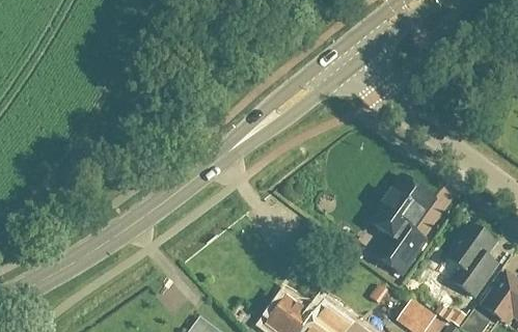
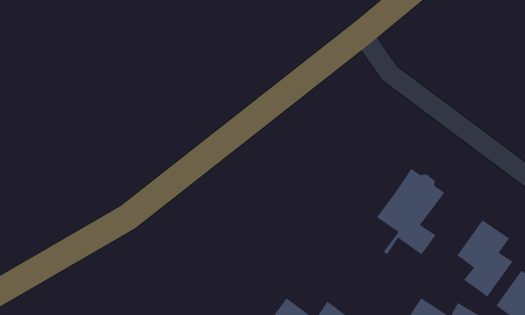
building: [377,242,414,274] -> none

